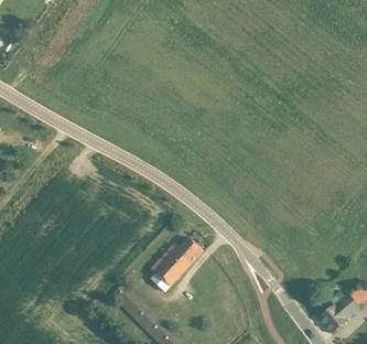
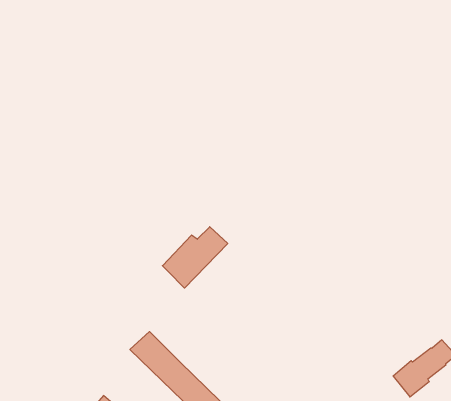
building: [151,237,203,286] -> [162,227,228,288]

